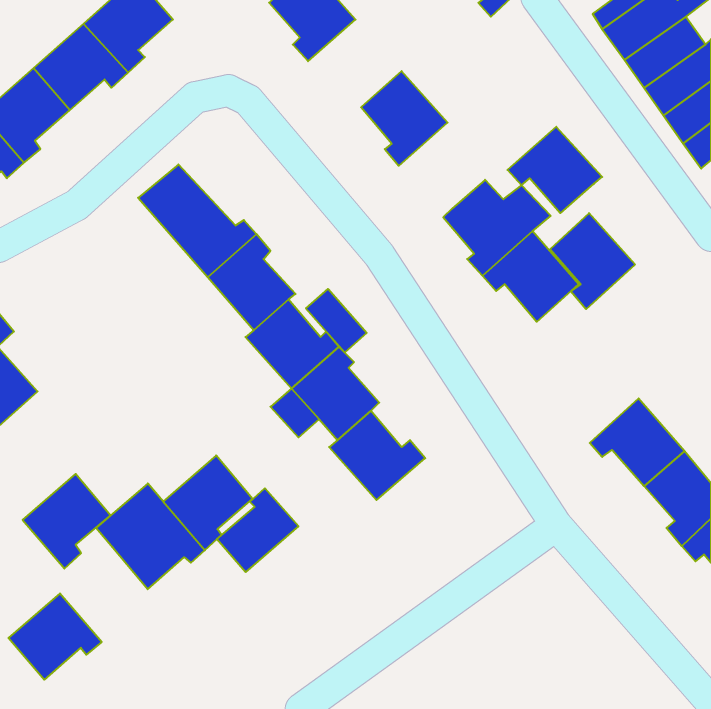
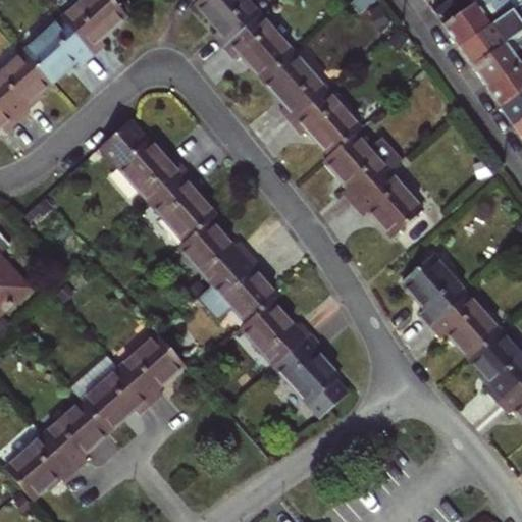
building: none -> [225,14,294,79]
building: [507,127,602,213] -> [292,90,361,153]
building: [550,213,635,309] -> [405,254,467,324]
building: [306,289,367,352] -> none
building: none -> [275,335,349,417]
building: [23,474,110,569] -> [44,401,108,470]
building: [217,488,298,572] -> none

